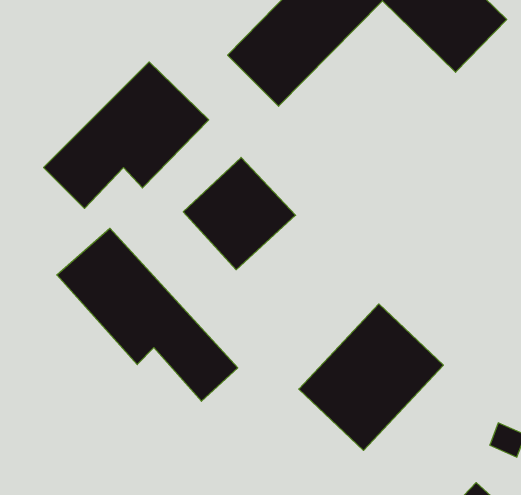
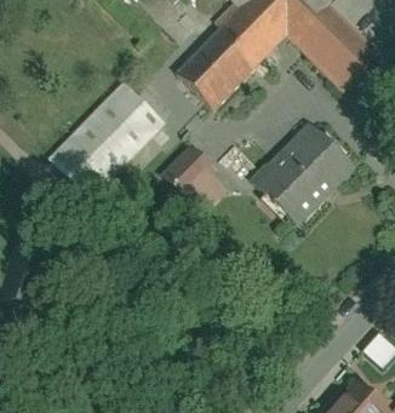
building: [57,228,238,401] -> none
building: [299,304,443,450] -> [252,124,355,228]

